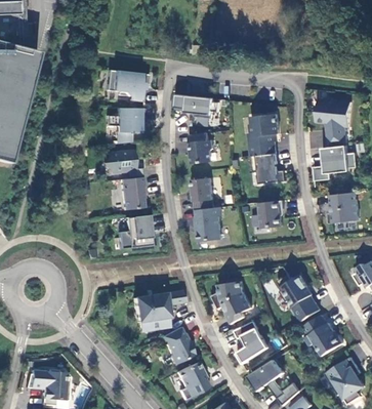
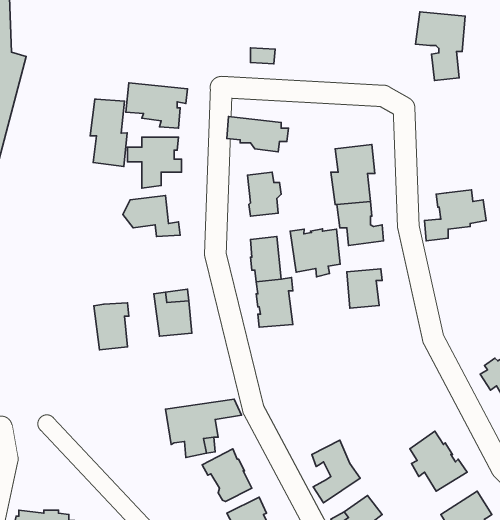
building: none -> [90,99,127,166]
building: [316,98,350,147] -> [415,12,465,81]
building: none -> [290,229,340,277]
building: [119,176,143,209] -> [94,303,129,350]
building: [328,192,359,222] -> none
building: [278,274,320,321] -> none
building: [211,280,251,323] -> none

